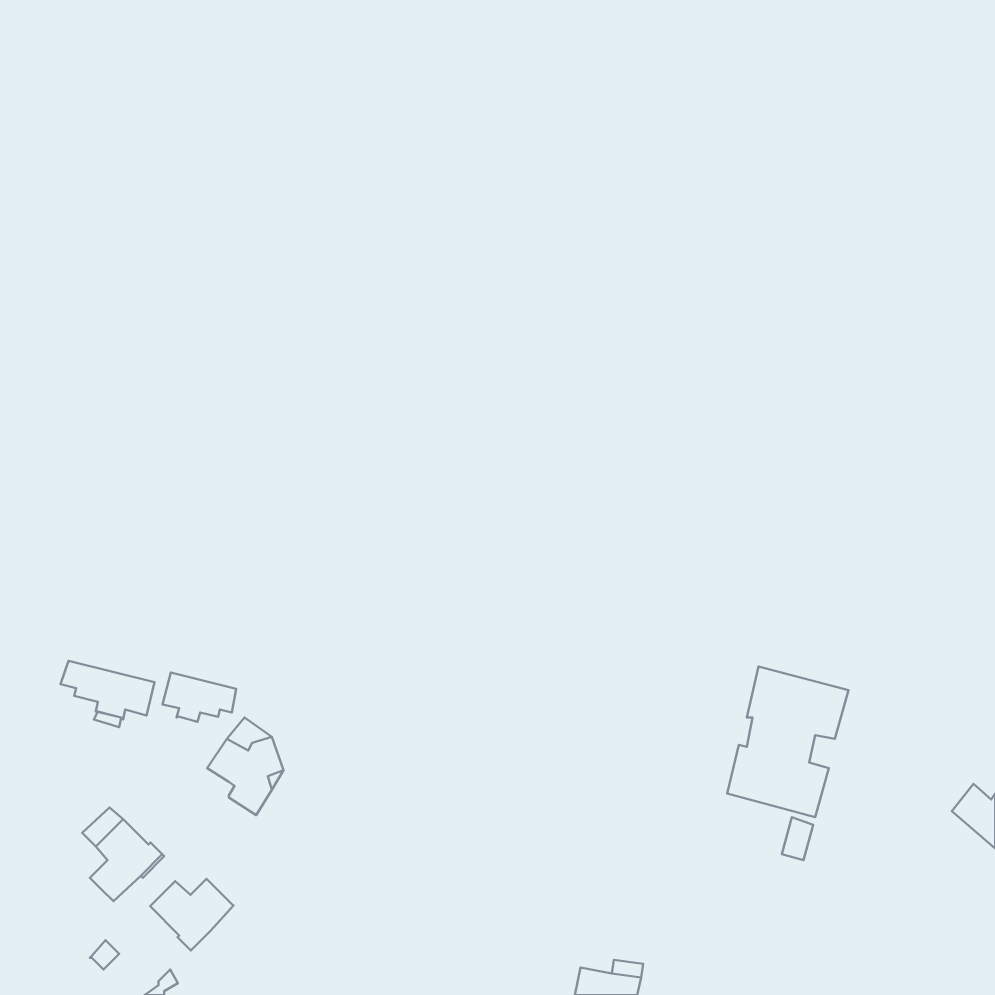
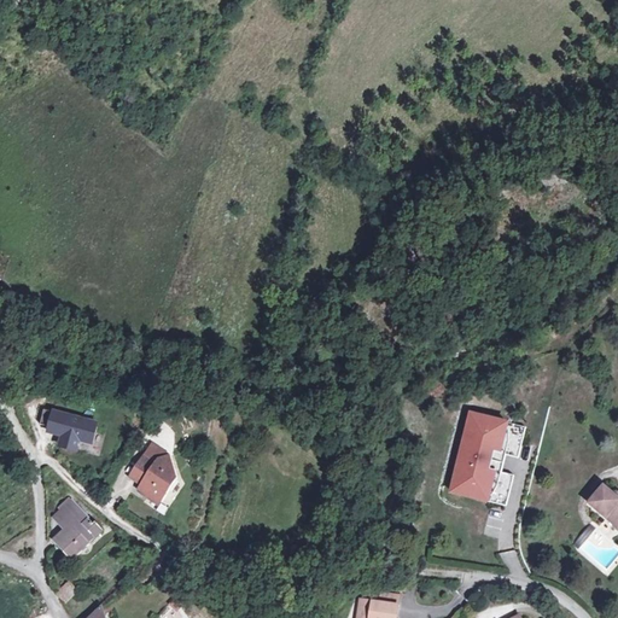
building: [163,673,236,722] -> none
building: [150,879,234,951] -> none

